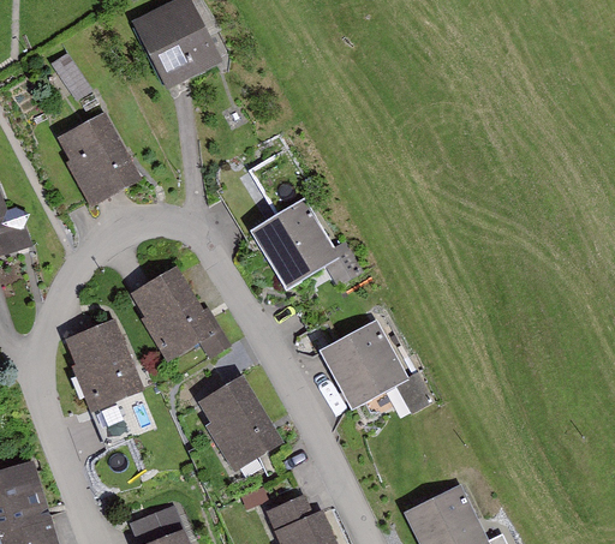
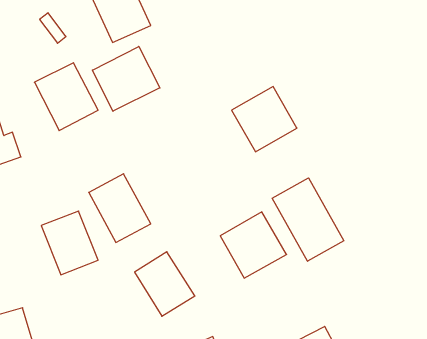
building: none -> [92,46,160,111]
building: [244,198,336,291] -> [232,87,297,152]
building: none -> [272,178,344,261]

